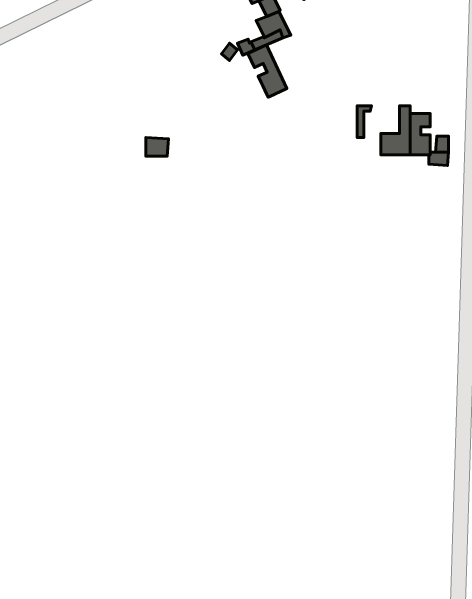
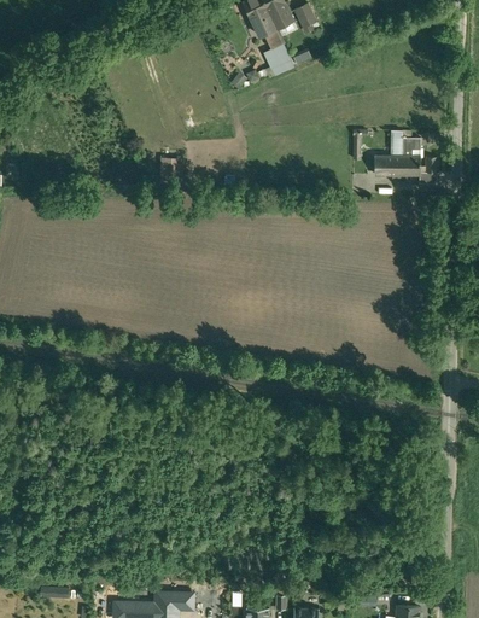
building: [248,45,287,97] -> none

